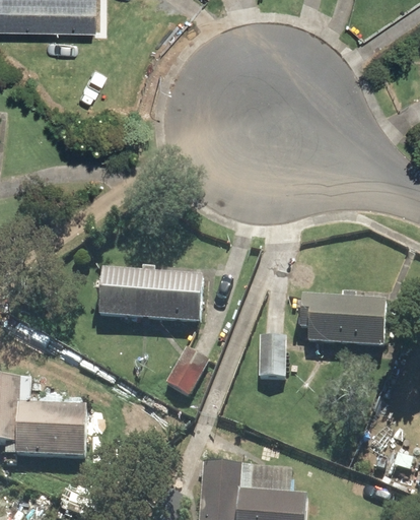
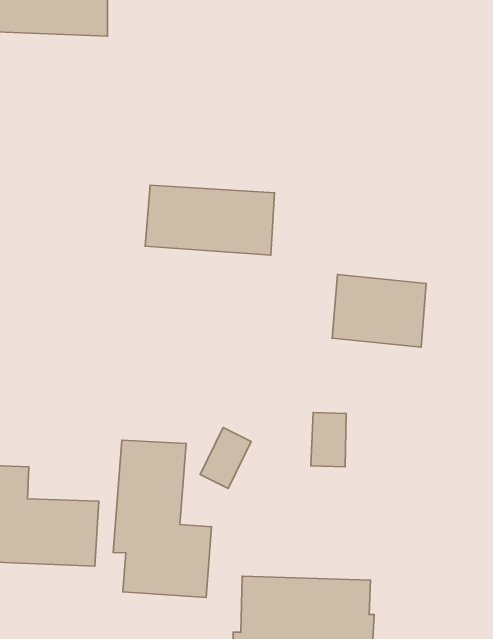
building: [98,269,202,325] -> [145,185,275,255]
building: [310,290,386,348] -> [332,275,426,347]
building: none -> [113,440,211,598]

